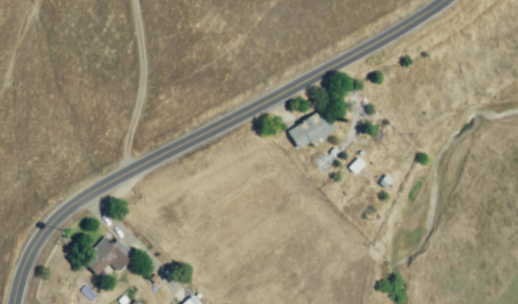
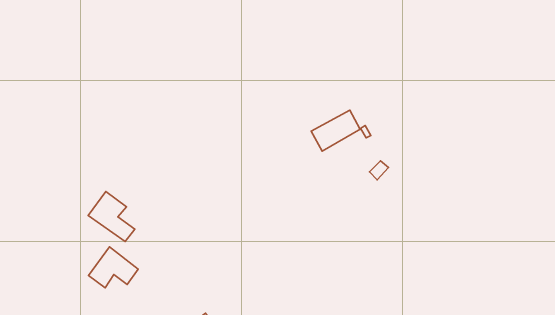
building: none -> [88,192,135,242]

